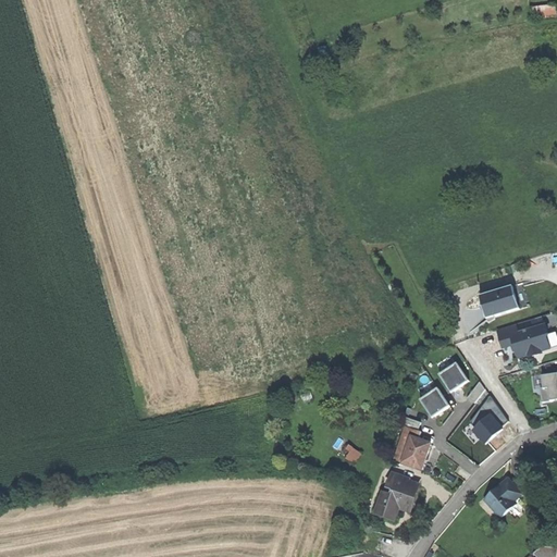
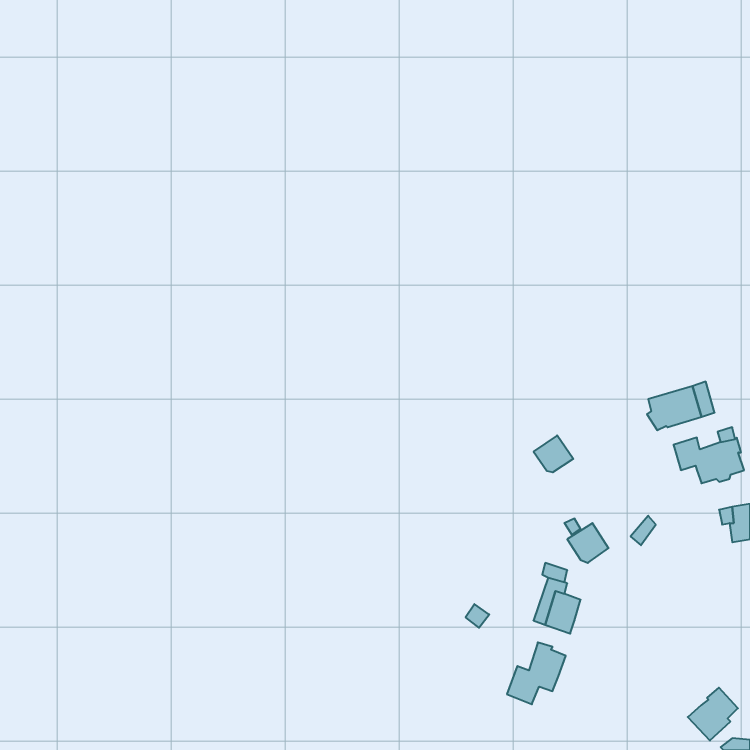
building: [438,362,468,389] -> [534,435,573,472]
building: [469,395,507,440] -> none
building: [484,478,521,517] -> [688,688,738,741]

